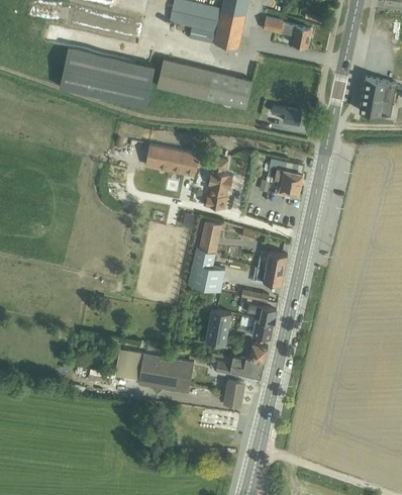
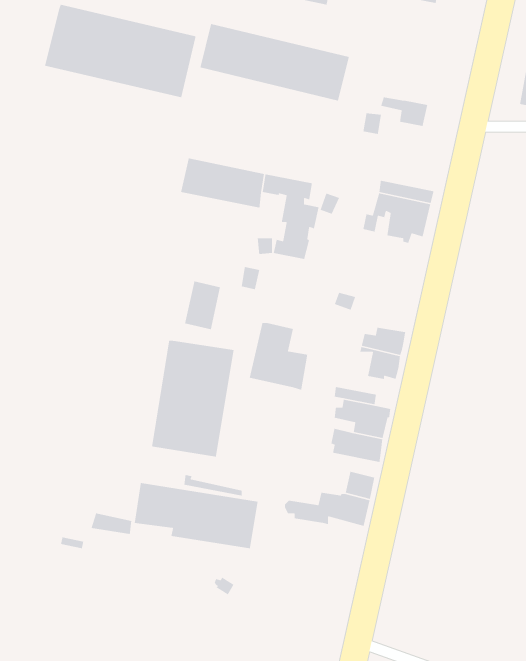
building: [199,221,222,253] -> [184,281,221,330]
building: none -> [151,340,234,457]
building: [205,309,231,344] -> none
building: [217,376,244,405] -> none

